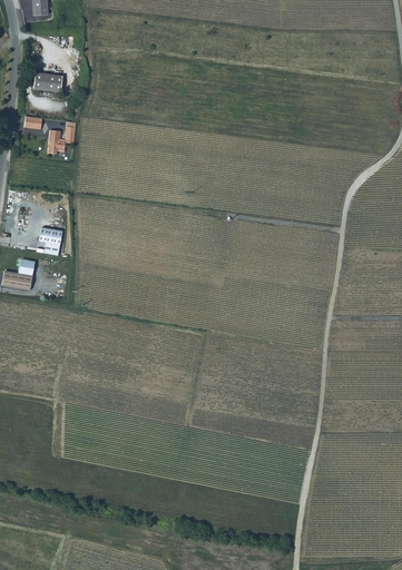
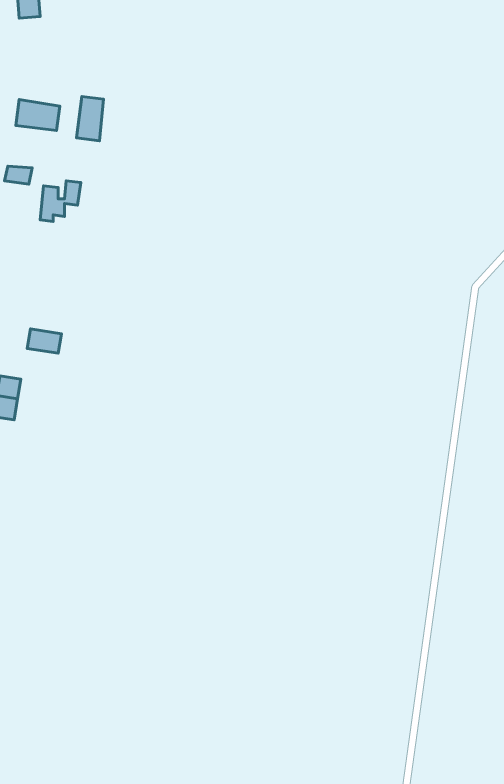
building: none -> [76,97,104,141]

